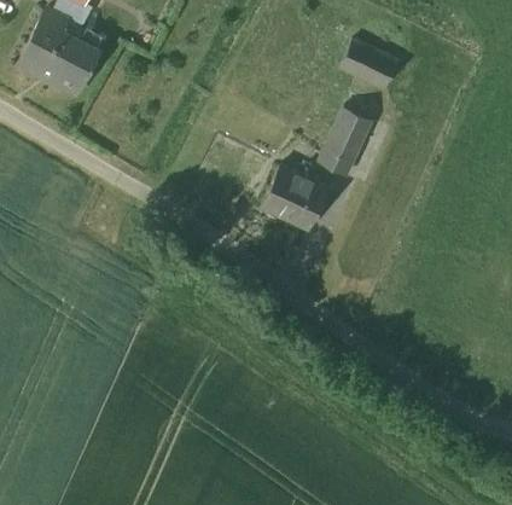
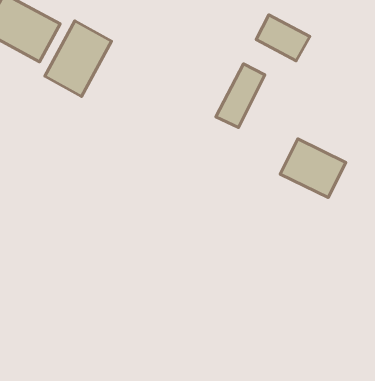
building: none -> [45,21,112,97]
building: [260,164,341,237] -> [280,139,346,198]

